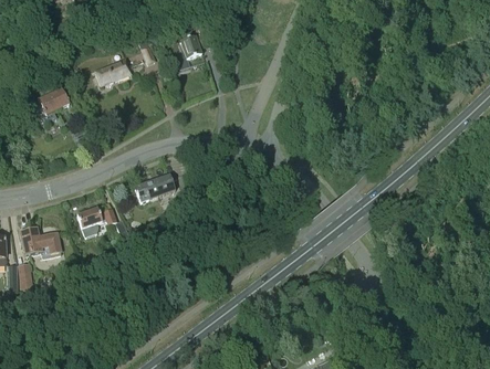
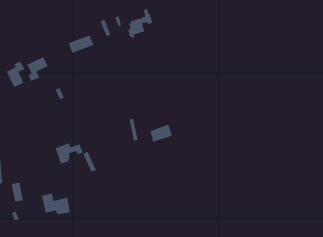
building: none -> [6,61,25,88]
building: [143,173,175,199] -> [149,124,173,142]
building: [20,226,61,256] -> [41,193,71,215]

